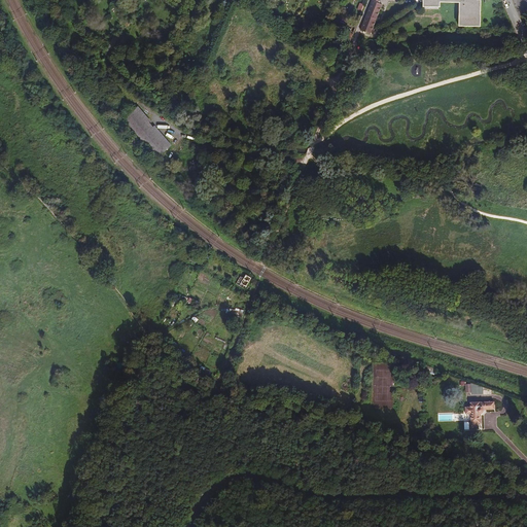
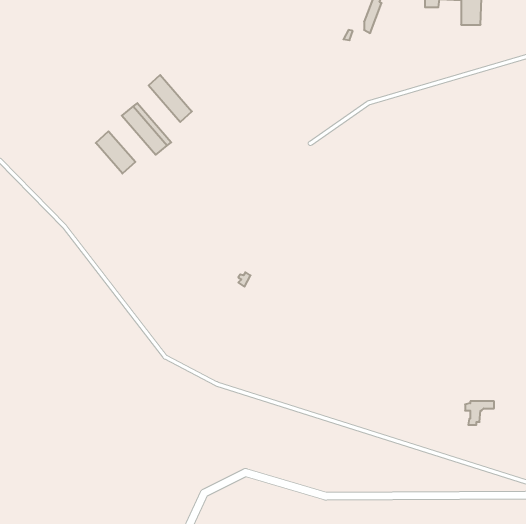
building: none -> [149,75,192,122]
building: none -> [96,131,135,174]

